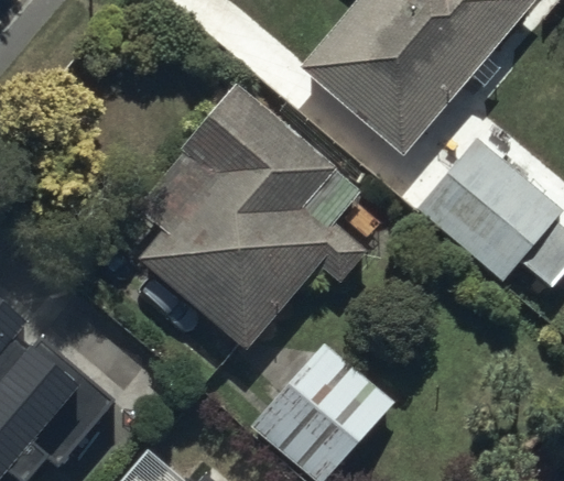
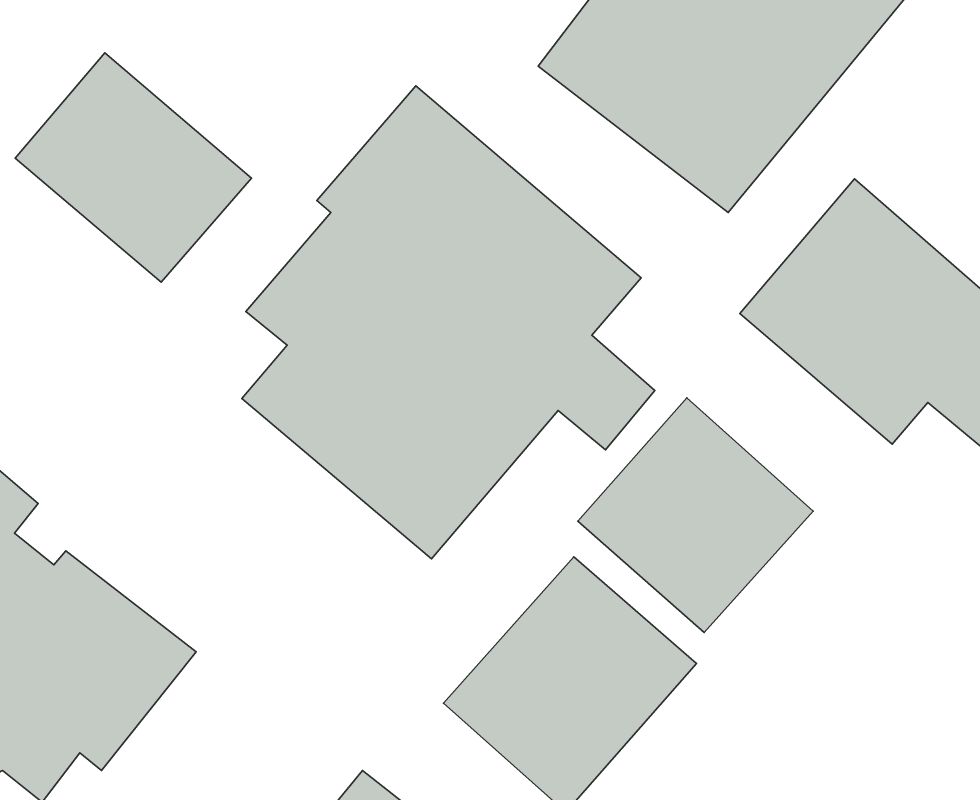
building: none -> [15,53,251,282]
building: none -> [578,398,813,633]

